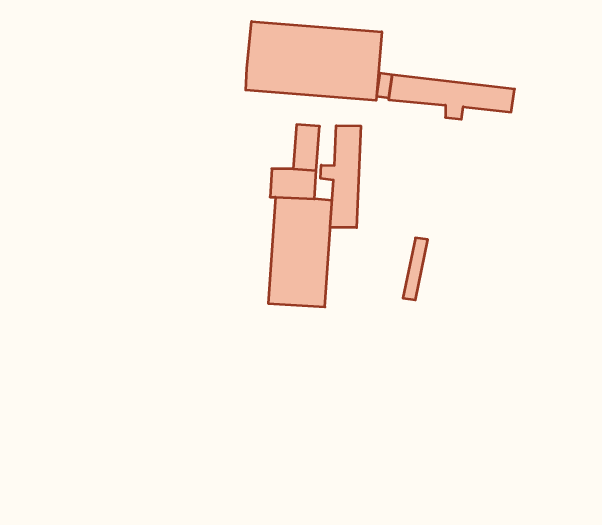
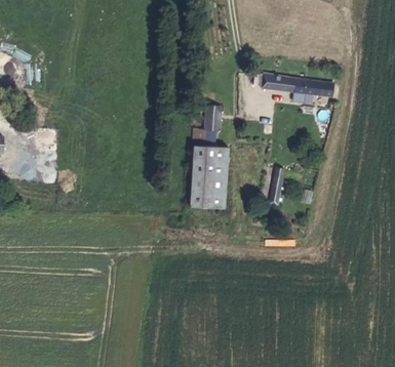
building: [246,21,382,100] -> none
building: [321,126,361,228] -> none

